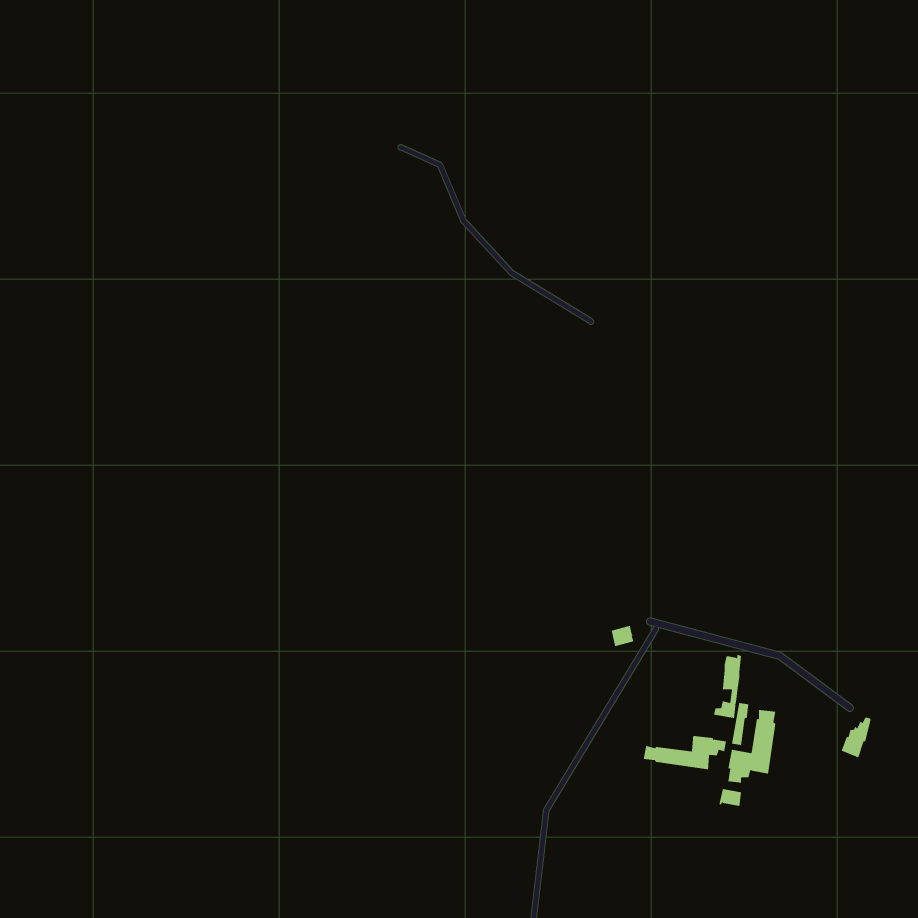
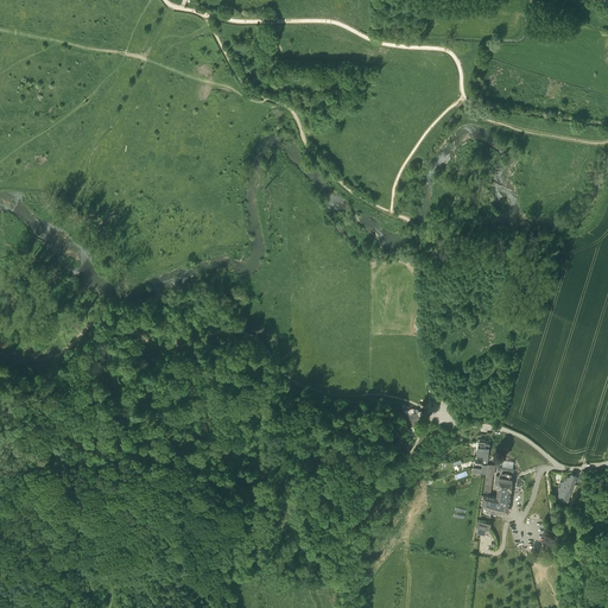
building: [643,735,726,770] -> none

